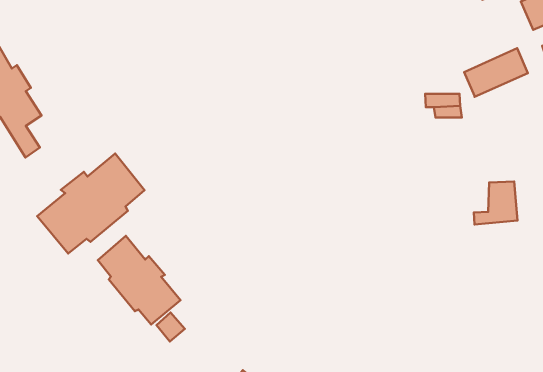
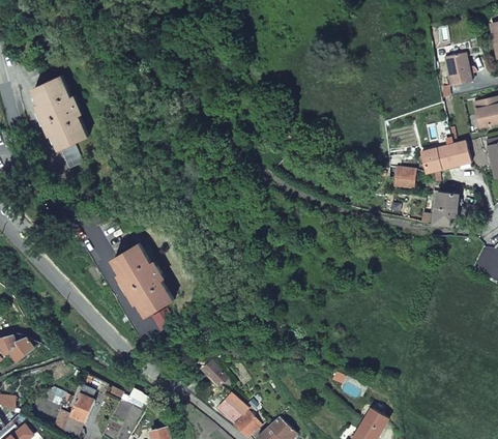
building: [37,154,144,253] -> none
building: [474,181,517,224] -> [420,194,457,227]

